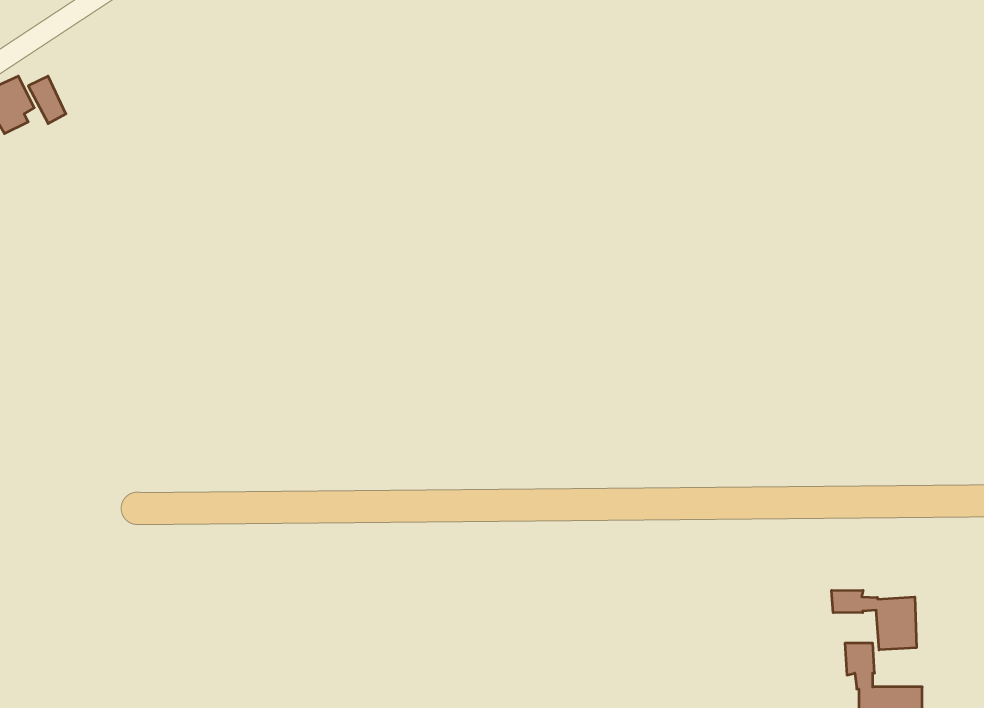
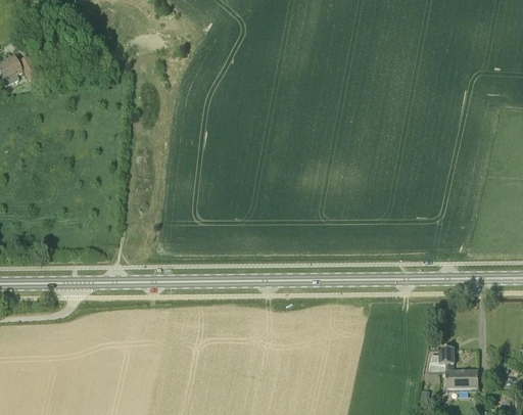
building: [832,590,916,650] -> none

